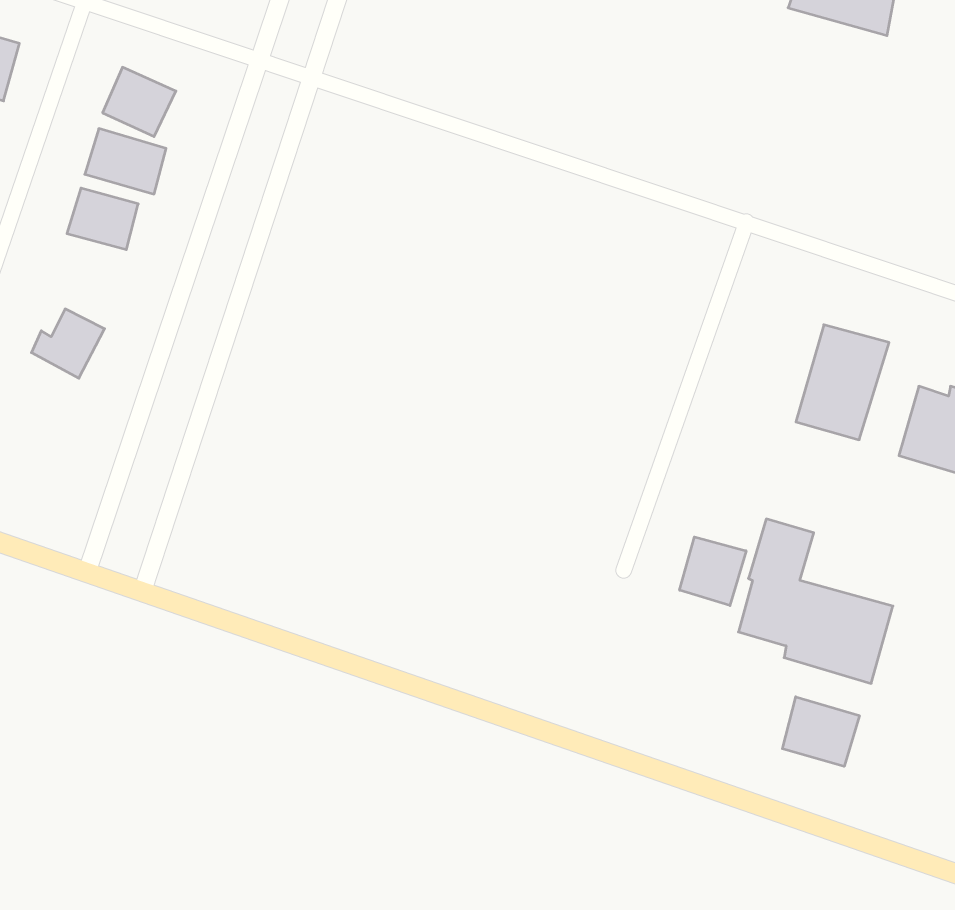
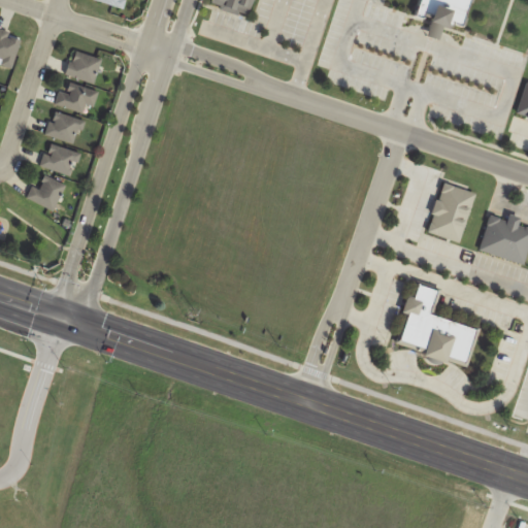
building: none -> [40,141,81,177]
building: [680,537,746,606] -> none
building: [782,697,859,766] -> none

